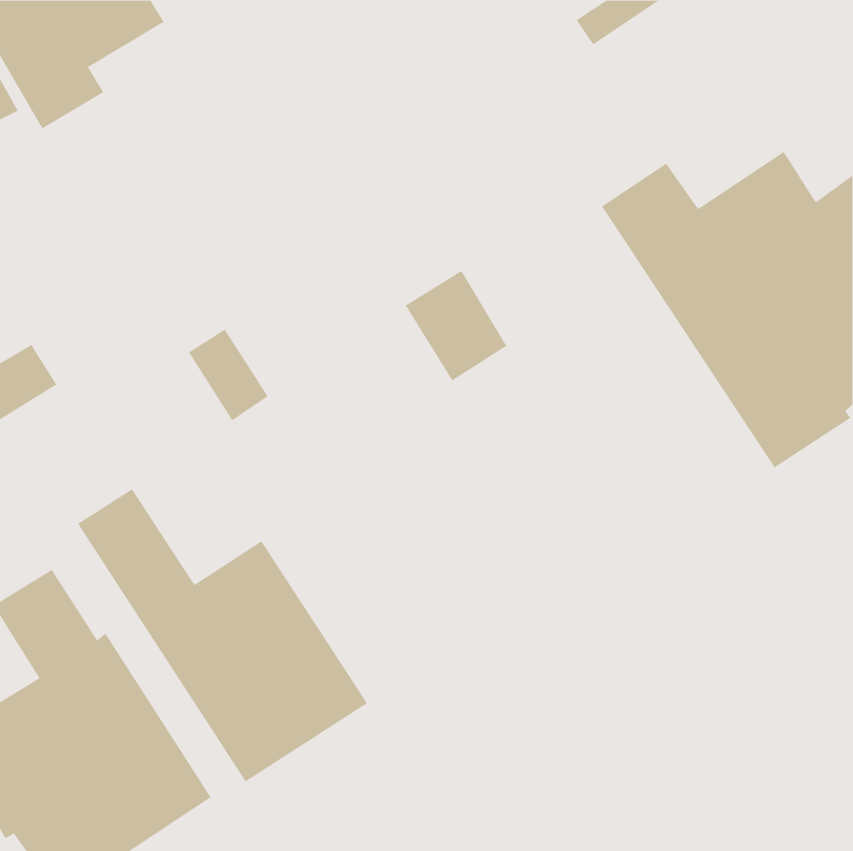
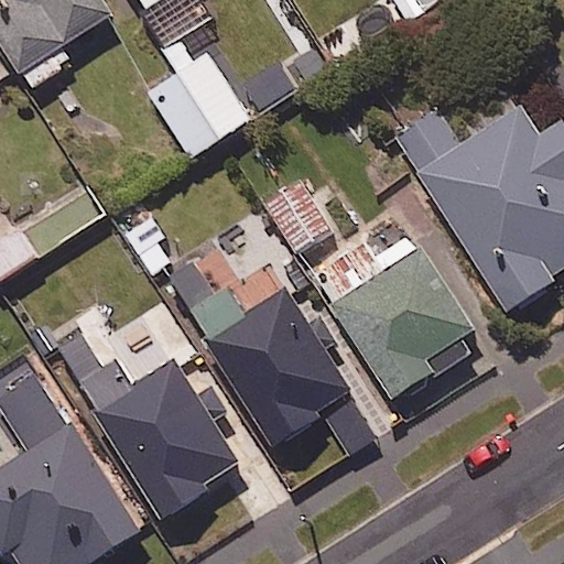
building: none -> [149,36,248,156]
building: none -> [312,236,471,398]
building: none -> [173,252,377,456]

